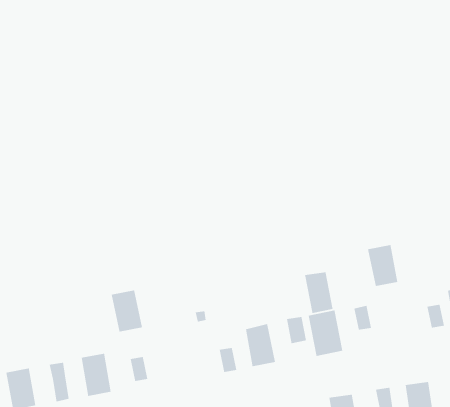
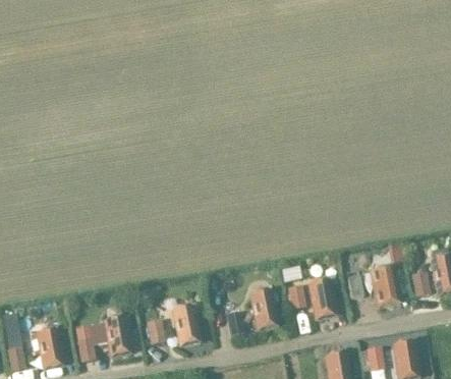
building: [367,244,398,287] -> [372,267,399,305]
building: [305,271,333,314] -> none
building: [111,290,143,332] -> [172,306,201,343]

